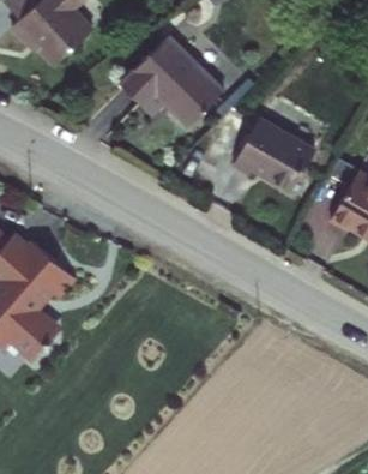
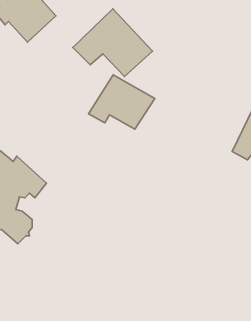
building: [225,113,313,185] -> [89,75,155,129]

